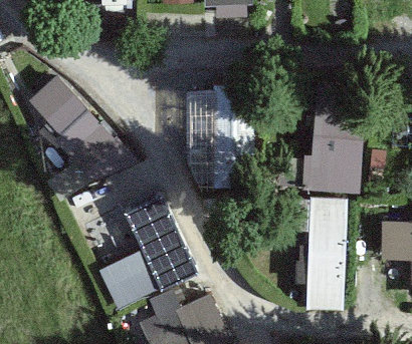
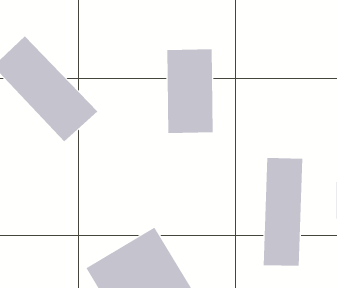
building: [302,85,365,196] -> none
building: [100,180,194,306] -> none

